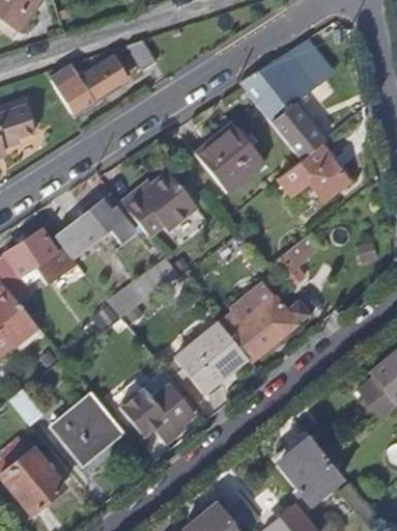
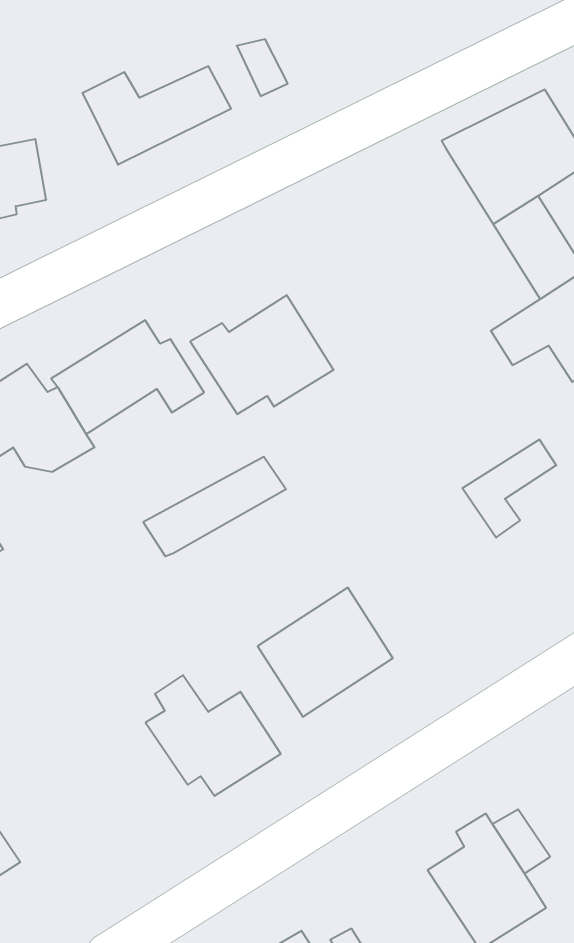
building: [192,118,262,189] -> none
building: [220,284,310,360] -> none
building: [54,392,124,463] -> none

